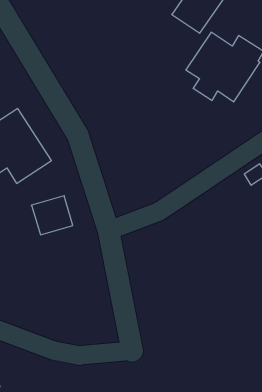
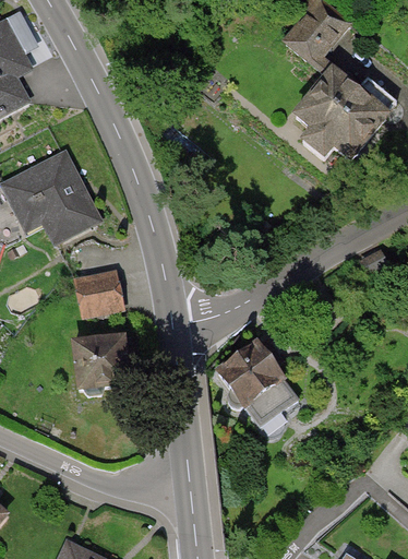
building: none -> [214,337,298,426]
building: none -> [70,333,131,391]

